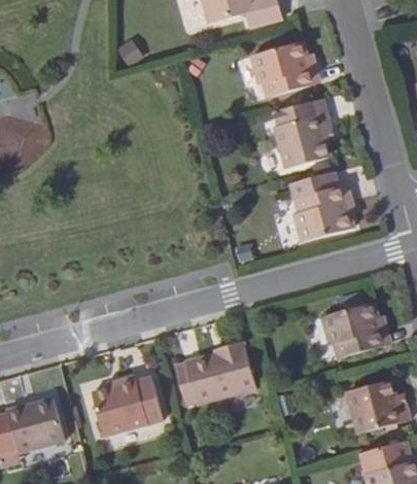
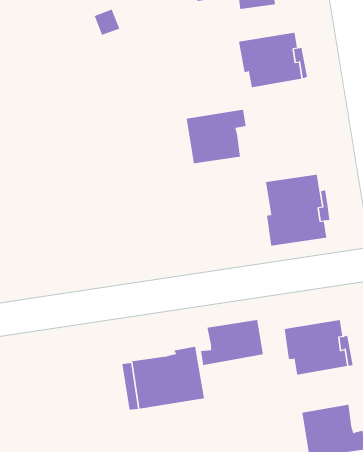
building: [274,112,331,168] -> [186,109,246,164]
building: none -> [201,319,264,366]
building: [91,376,162,436] -> none

